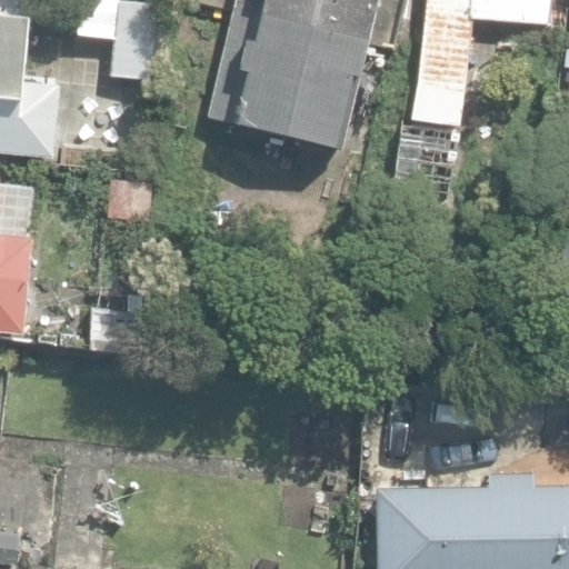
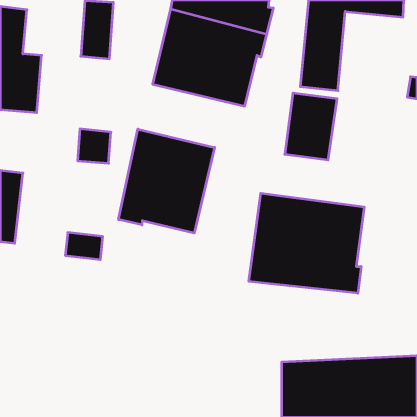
building: none -> [119,129,215,233]
building: none -> [249,193,364,293]

